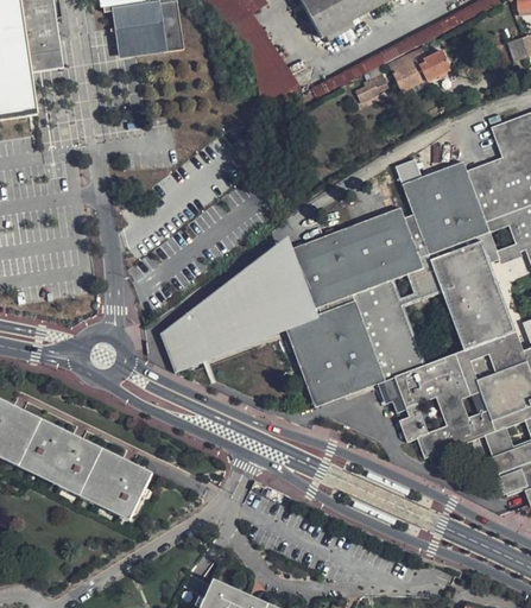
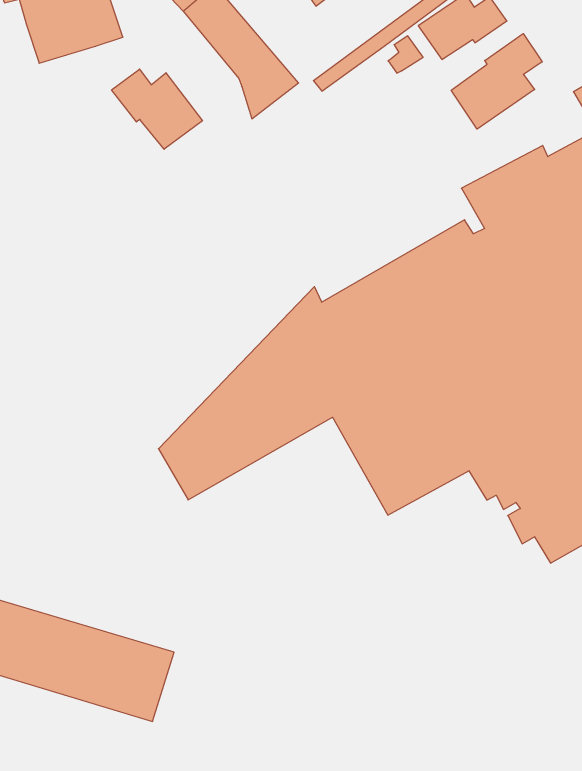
building: none -> [112,69,202,149]
building: none -> [451,34,542,129]

